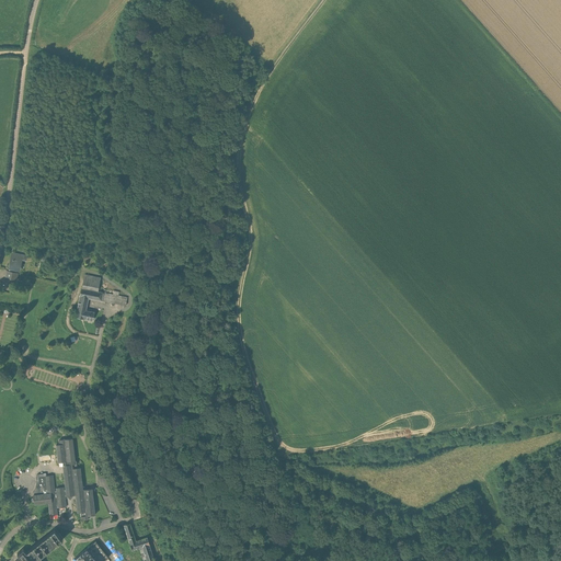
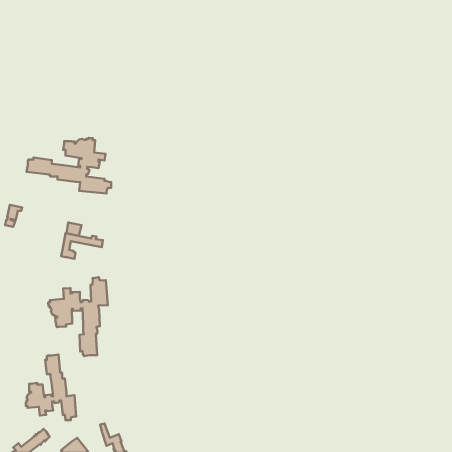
building: none -> [27,138,111,194]
building: none -> [48,277,108,356]

